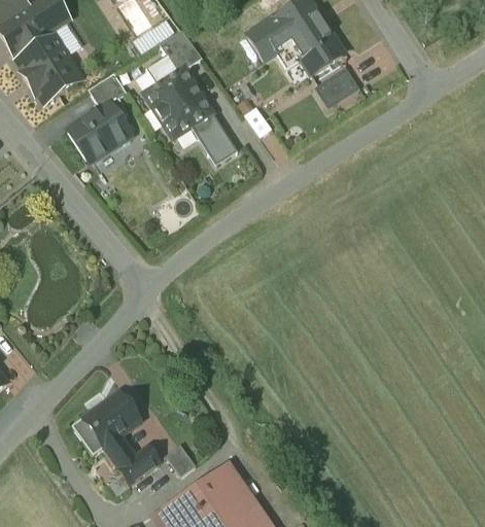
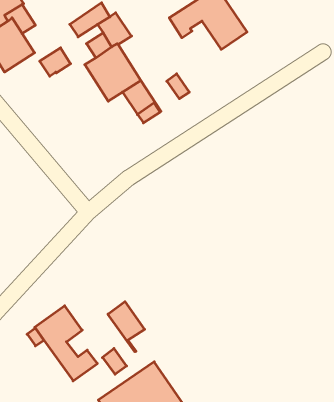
building: [313,68,358,108] -> none
building: [70,103,129,161] -> none
building: none -> [108,302,145,352]

